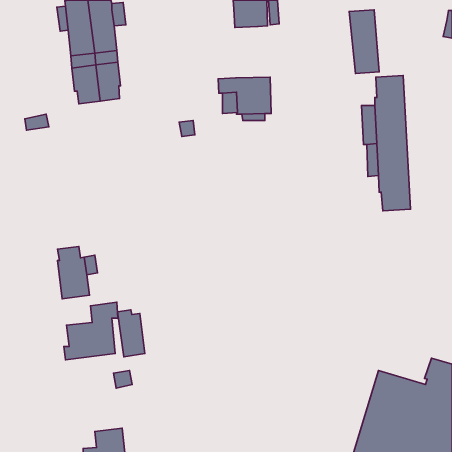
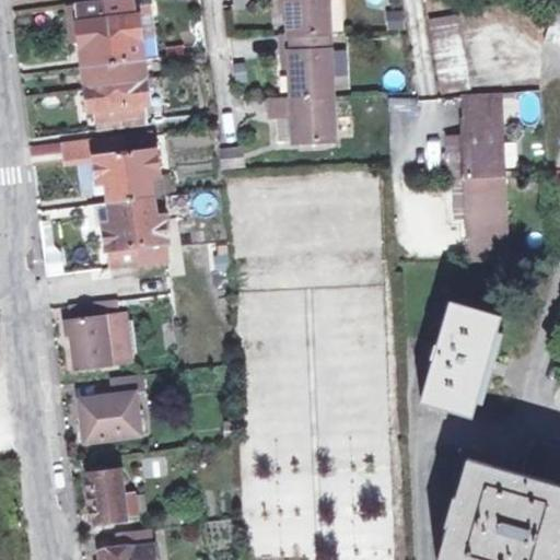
building: none -> [282,34,334,97]
building: none -> [63,132,167,268]
building: none -> [420,303,501,418]
building: [118,310,145,357] -> [91,467,125,525]

